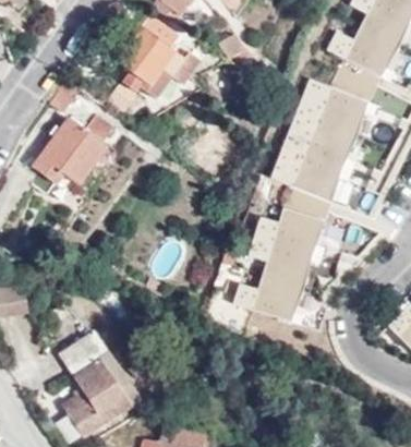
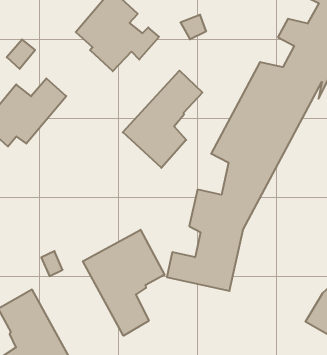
building: none -> [123,71,202,168]
building: none -> [83,230,165,336]

